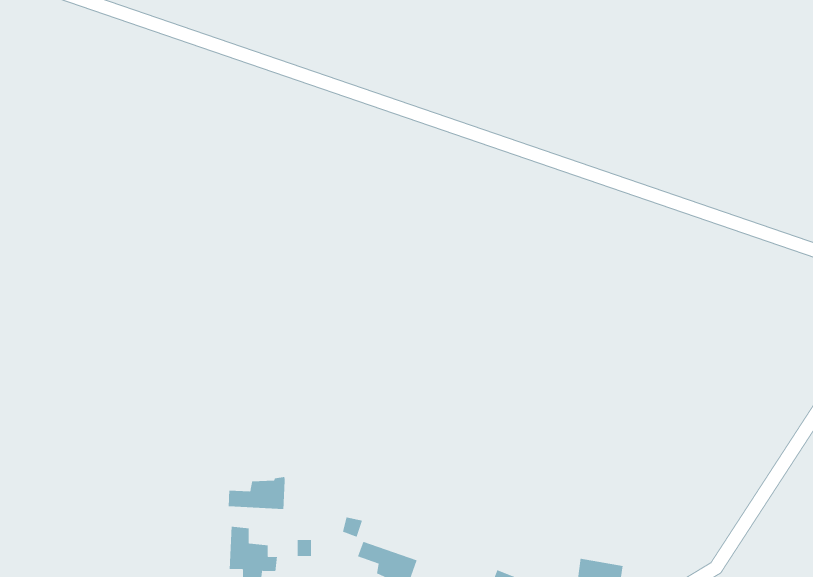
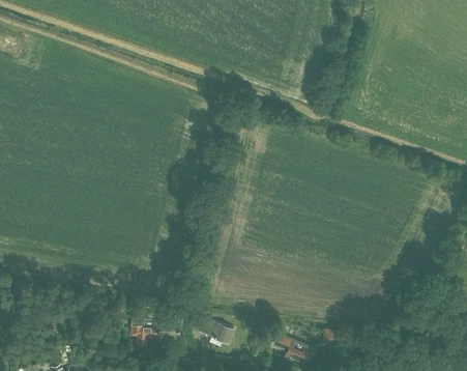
building: [228,476,285,510] -> none

